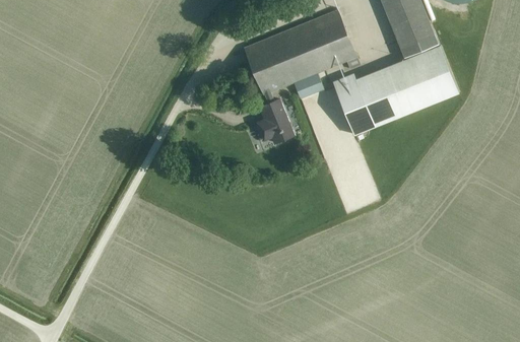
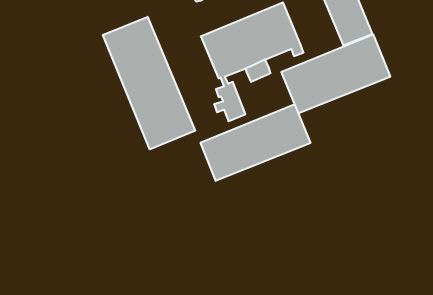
building: none -> [103,17,195,149]
building: none -> [201,104,310,181]

